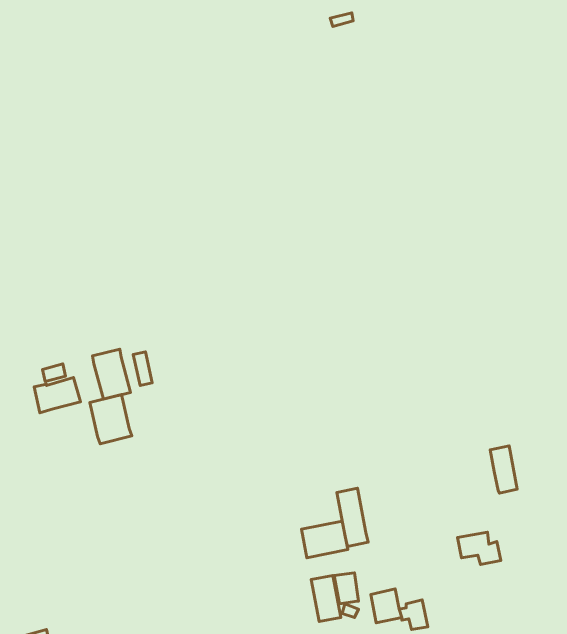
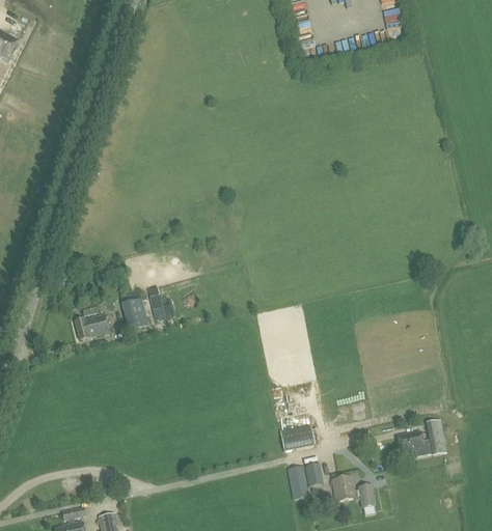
building: [90,395,132,444] -> none
building: [490,446,517,493] -> [426,419,446,455]
building: [337,488,368,546] -> none

